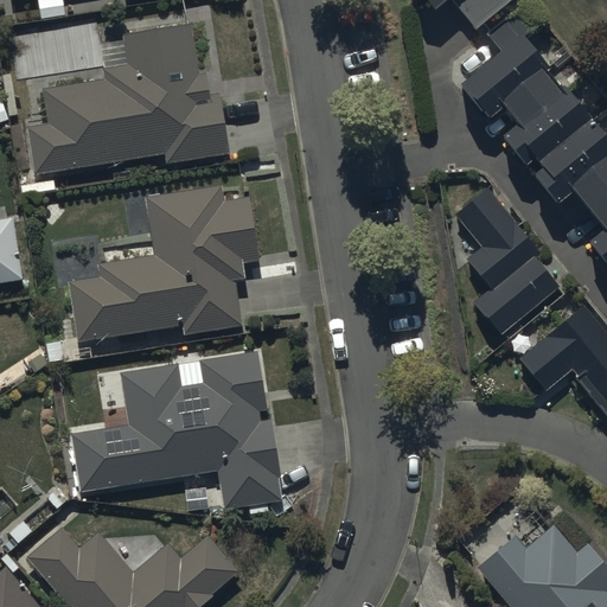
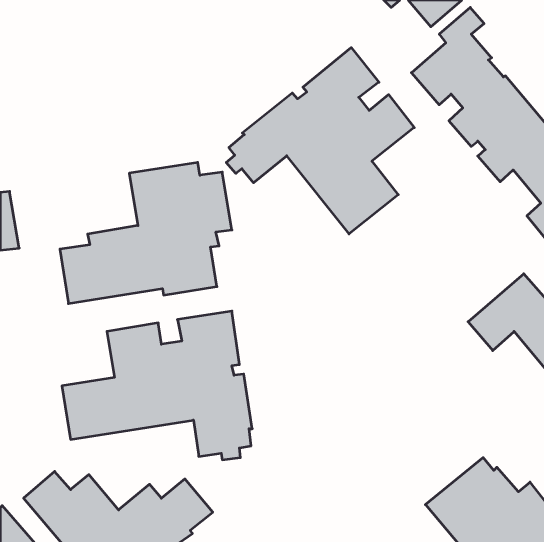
building: [26,19,229,175] -> none
building: none -> [226,48,414,234]
building: [456,189,561,333] -> none

